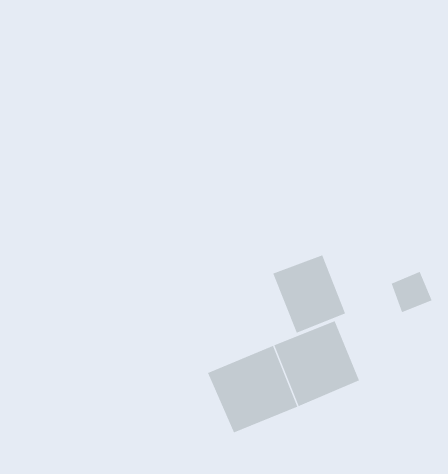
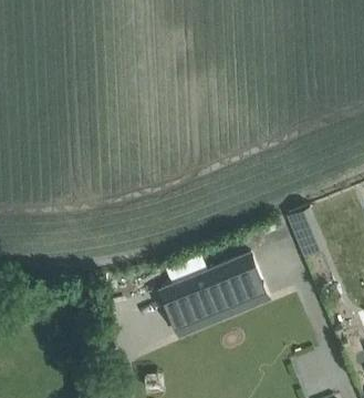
building: [272,254,346,333] -> none

